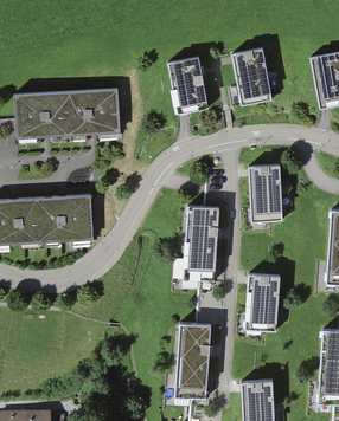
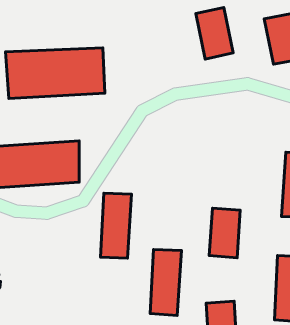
building: [167,54,209,112] -> none
building: [247,161,283,220] -> none
building: [184,205,219,279] -> [101,193,132,258]

